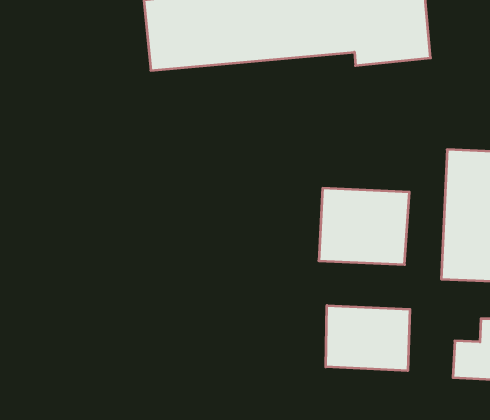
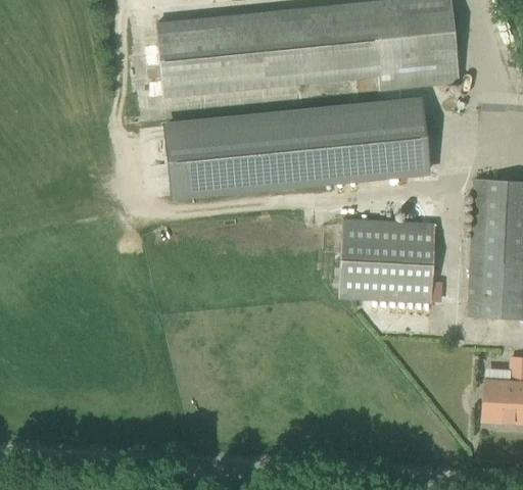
building: none -> [164,102,427,197]
building: [326,305,410,371] -> none

